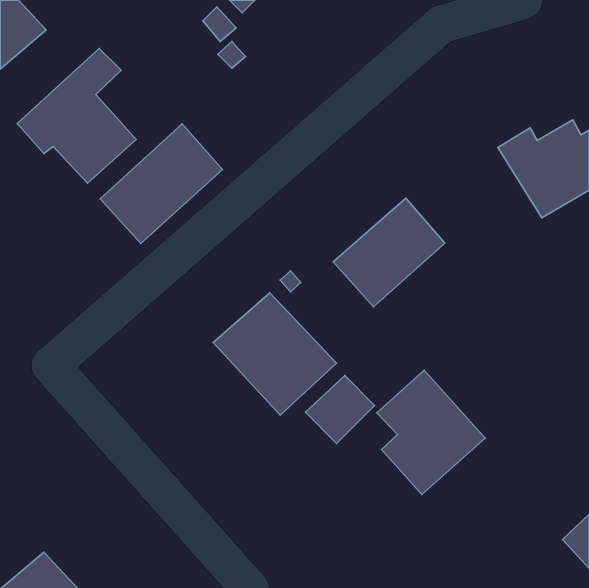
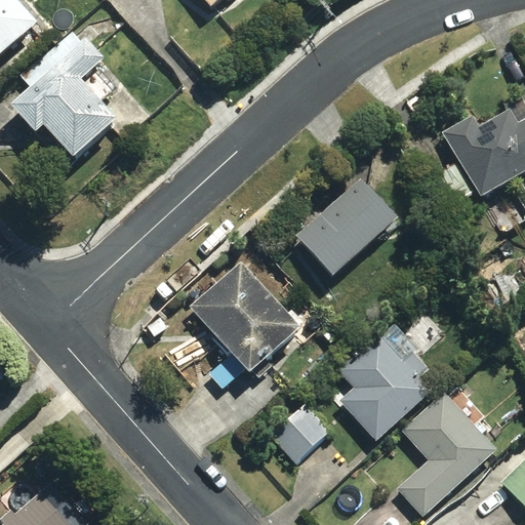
building: [100,124,223,244] -> none
building: [305,375,375,443] -> [268,403,329,463]
building: none -> [397,392,496,517]

